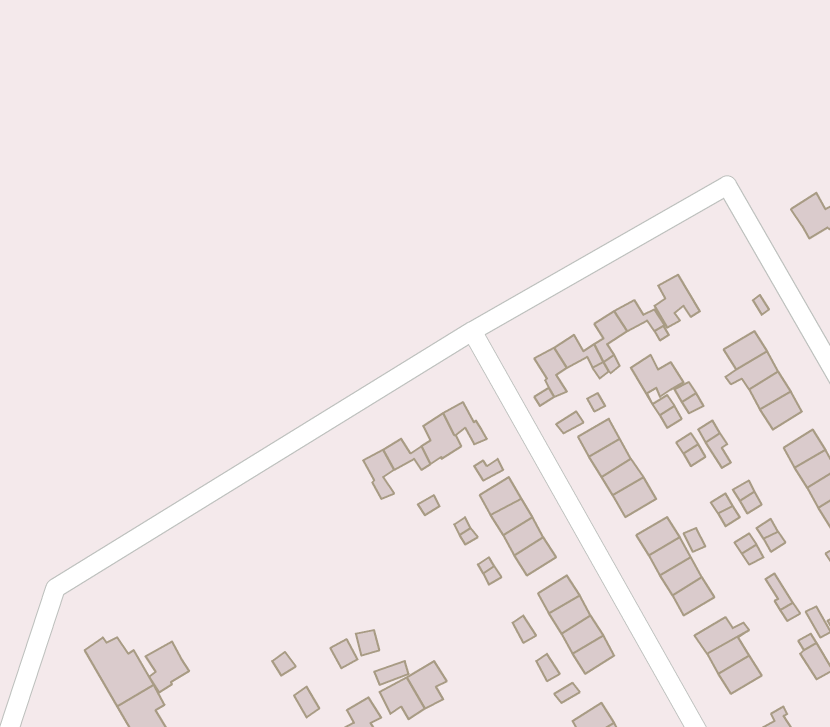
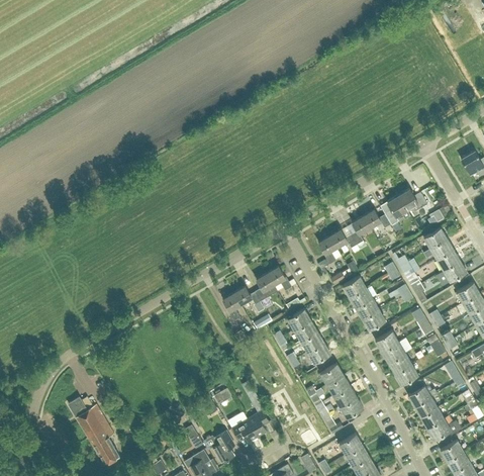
building: [631,355,684,404] -> [398,189,427,216]
building: [145,641,189,692] -> none
building: none -> [427,418,461,440]

